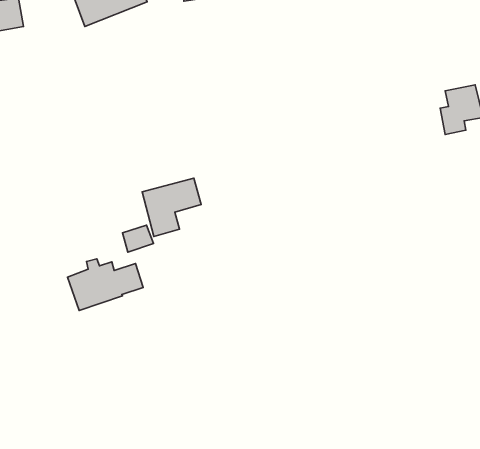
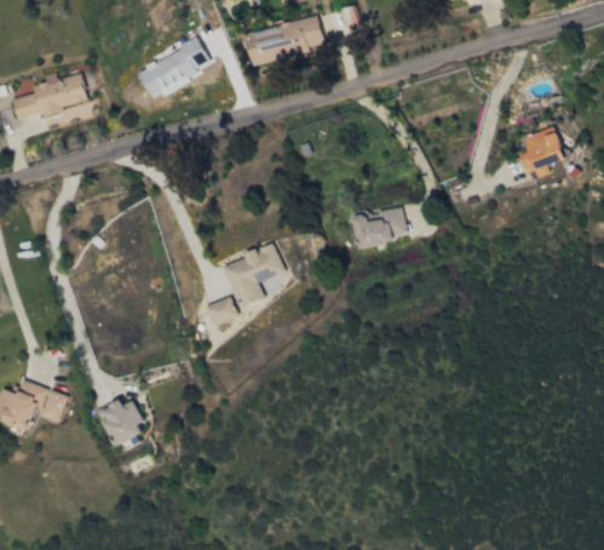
building: none -> [352,207,407,248]
building: [68,259,143,311] -> none
building: none -> [97,399,146,447]

